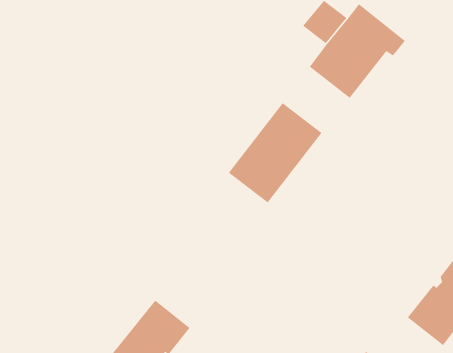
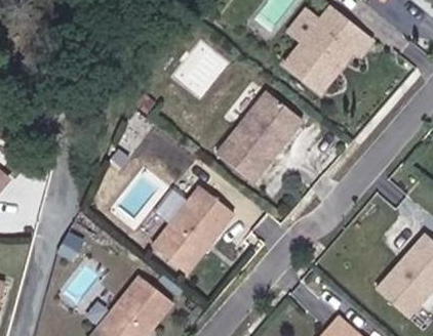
building: none -> [160,192,233,269]

